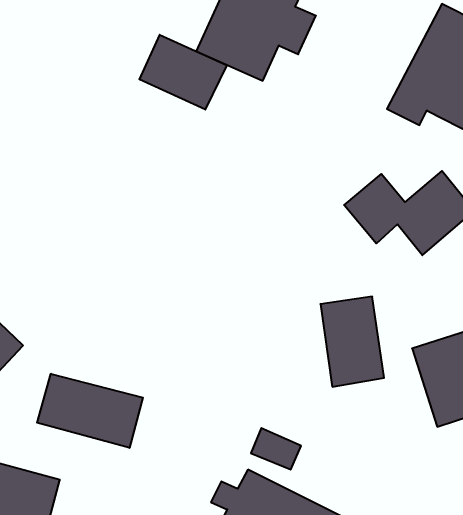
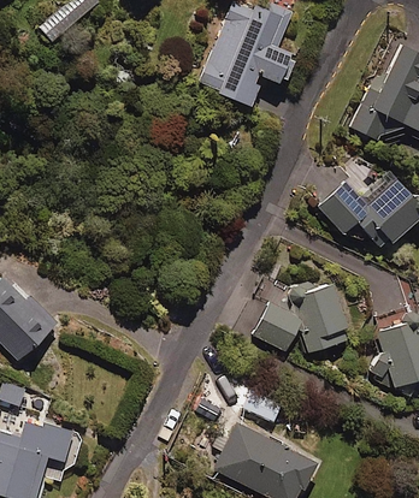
building: [139,35,227,110] -> none
building: none -> [253,303,300,352]
building: [37,374,143,448] -> none

